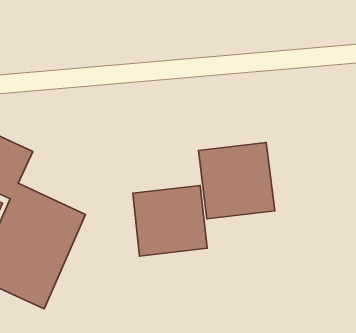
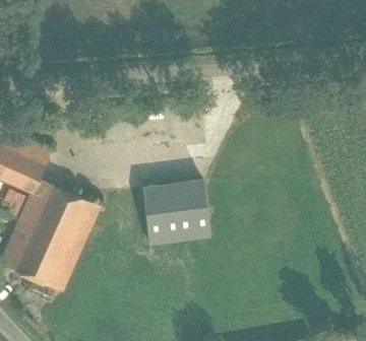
building: [198,142,275,219] -> none

